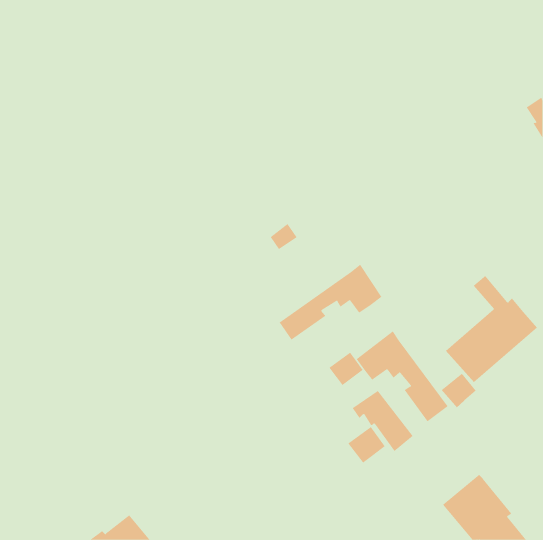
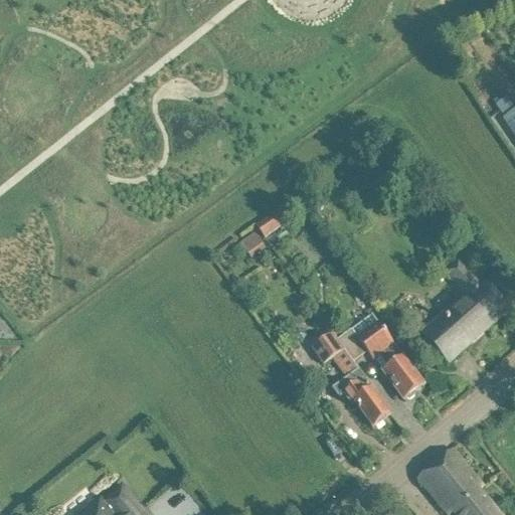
building: [279,264,382,341] -> none
building: [441,373,477,408] -> none
building: [348,426,385,464] -> none

